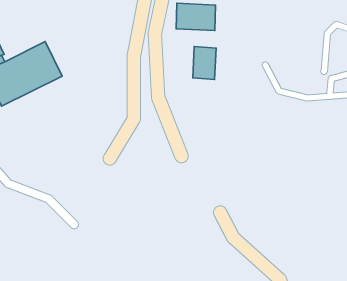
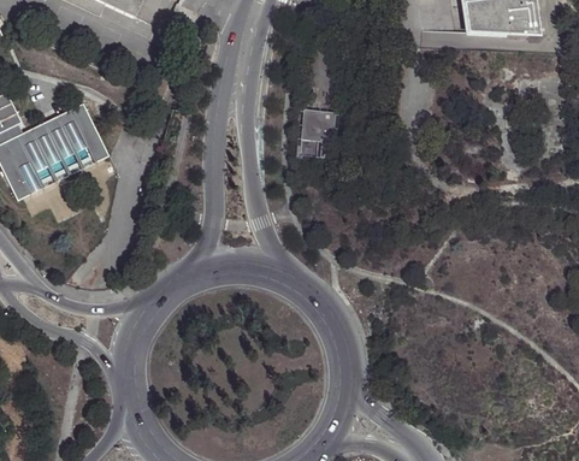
building: [176,3,215,31] -> none

